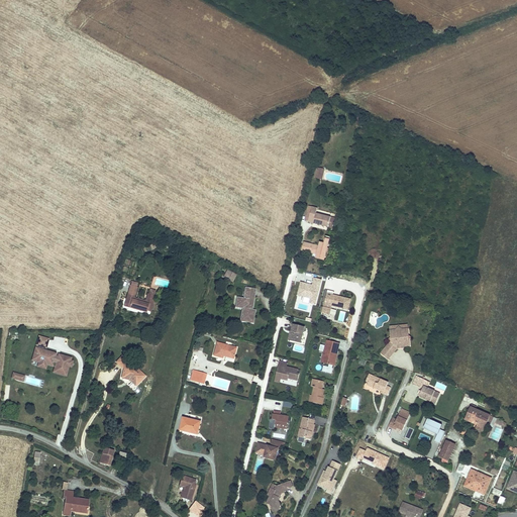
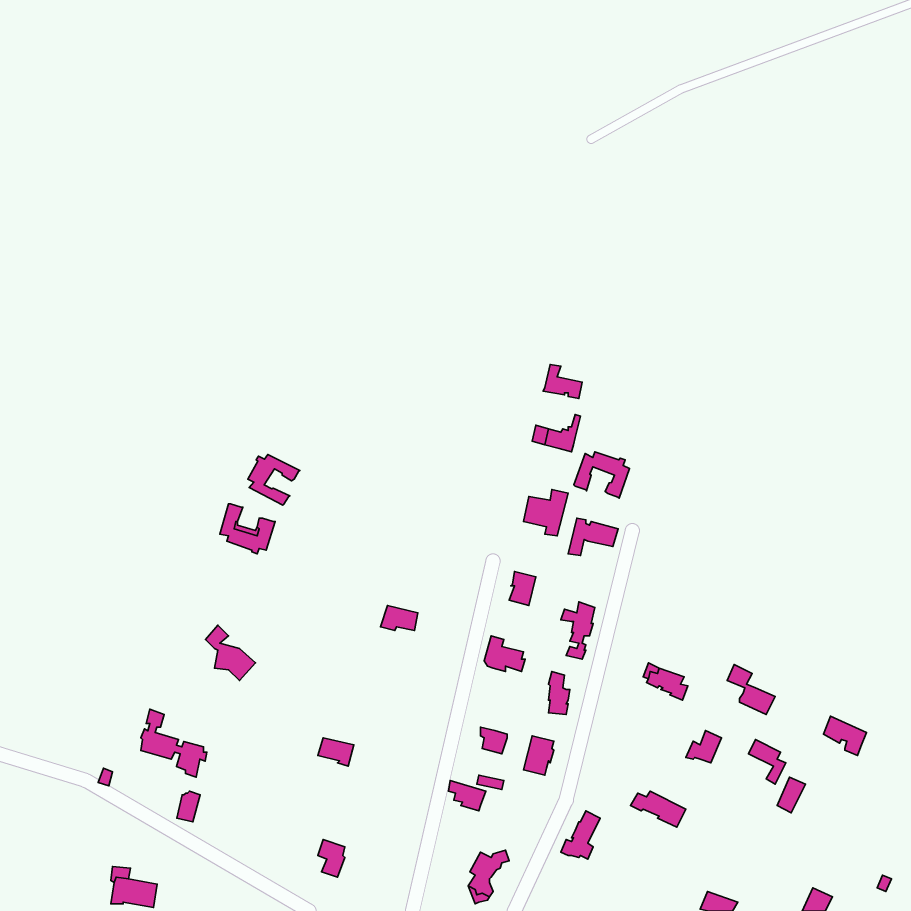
building: none -> [574,452,630,498]
building: none -> [248,454,300,505]
building: [238,287,257,322] -> none
building: [382,327,408,357] -> none
building: [34,336,72,375] -> [141,709,207,777]
building: [463,469,490,494] -> none

